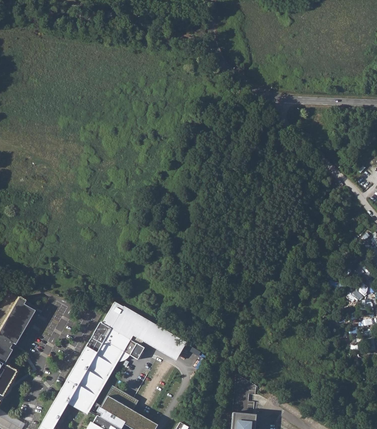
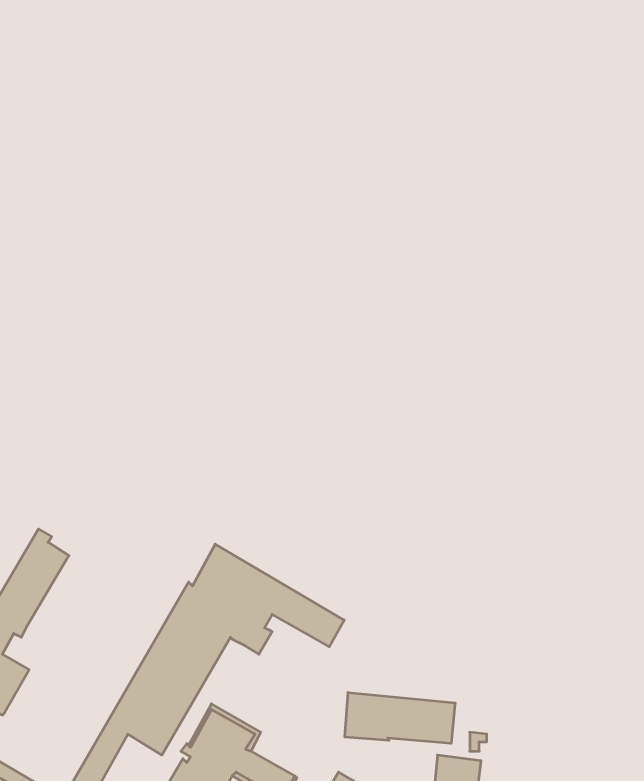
building: none -> [345,692,455,743]

